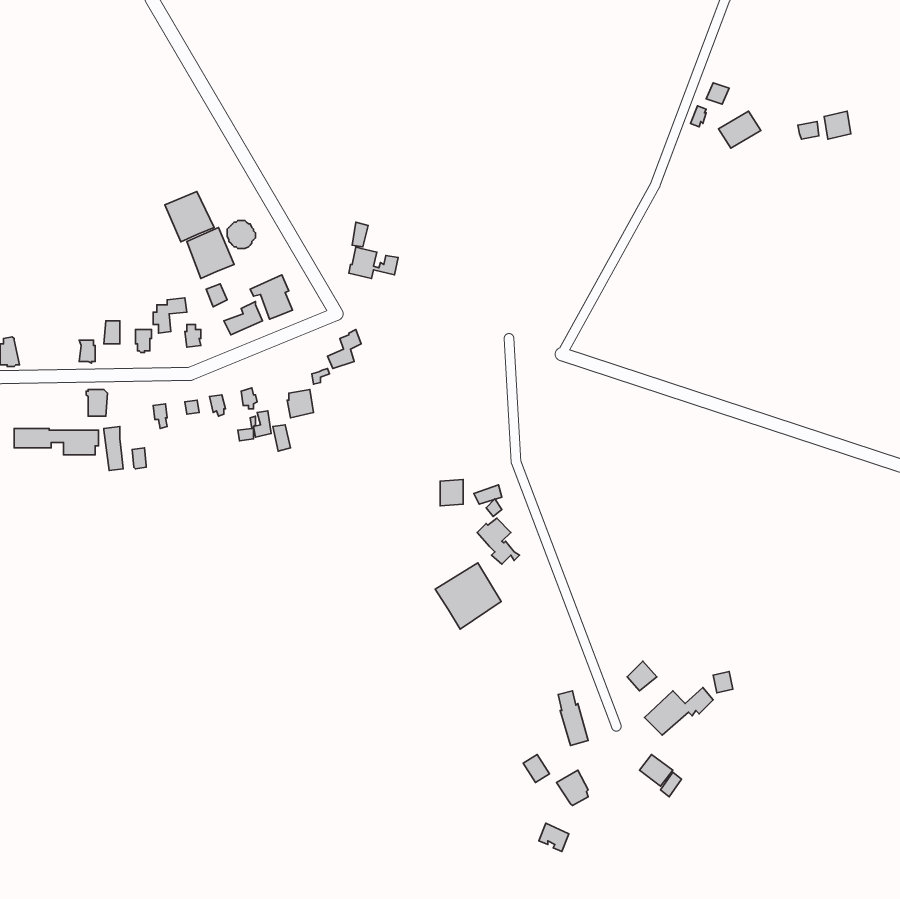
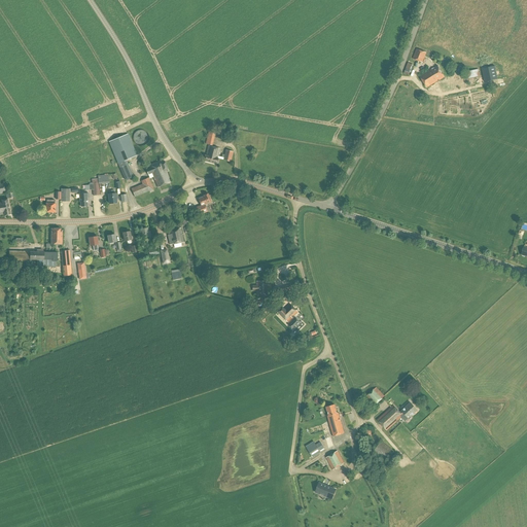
building: [165,192,214,242] -> none
building: [435,563,501,629] -> none

